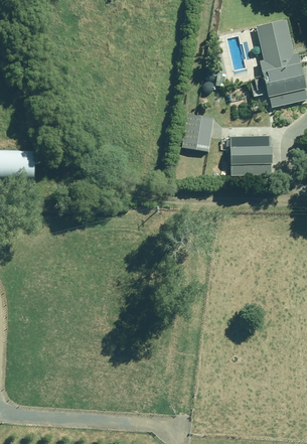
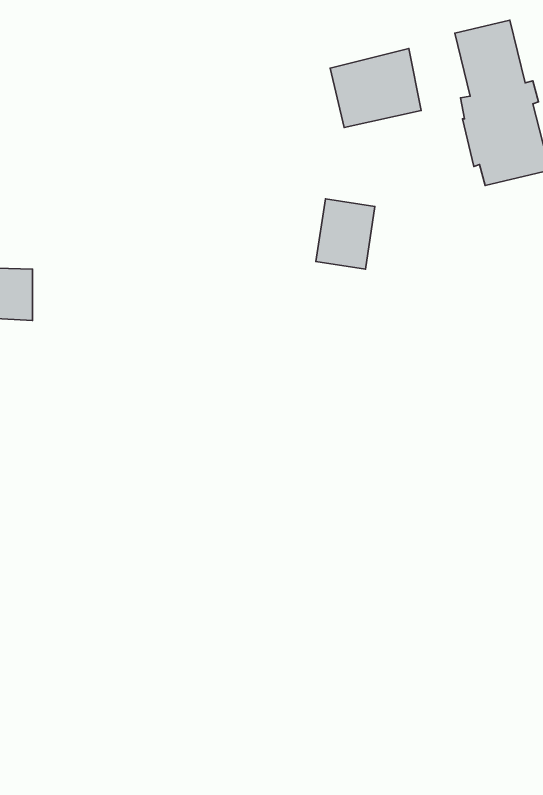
building: none -> [330,49,421,128]
building: [231,136,271,176] -> none

